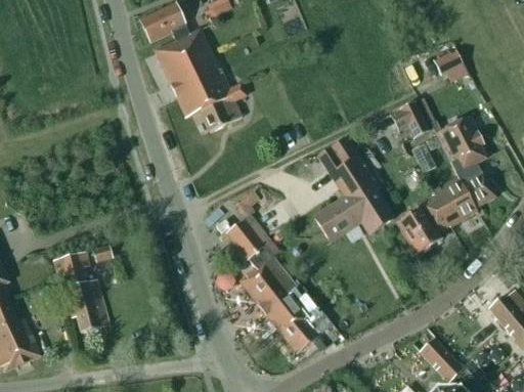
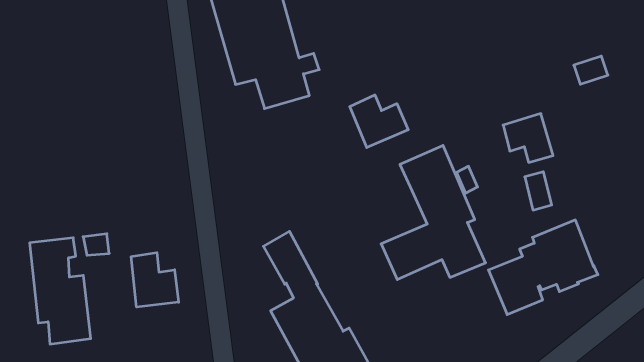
building: none -> [350,95,408,148]
building: [433,116,494,208] -> none
building: none -> [131,253,179,307]

